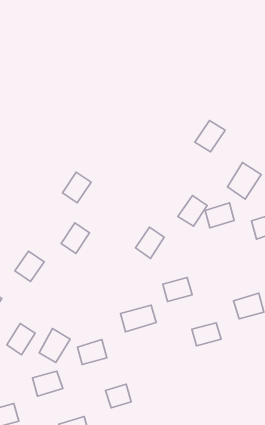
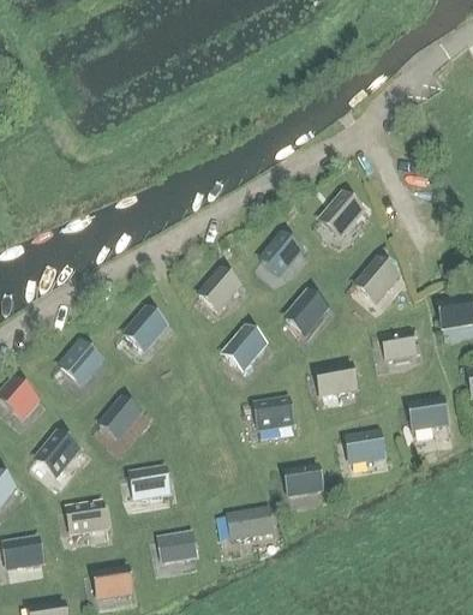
building: none -> [259,227,299,268]
building: [63,172,91,203] -> [199,270,239,311]
building: [205,203,234,228] -> [317,364,354,394]
building: [121,305,156,332] -> [228,507,274,538]
building: [39,329,70,362] -> [100,396,143,442]

